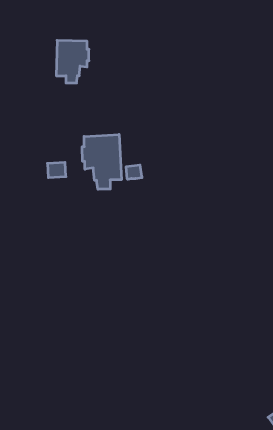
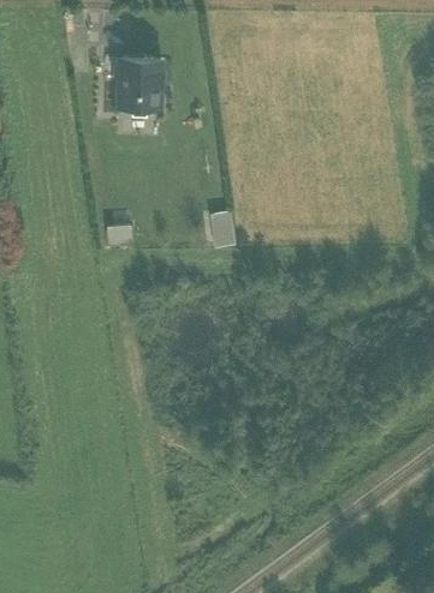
building: [82,134,121,189] -> none

